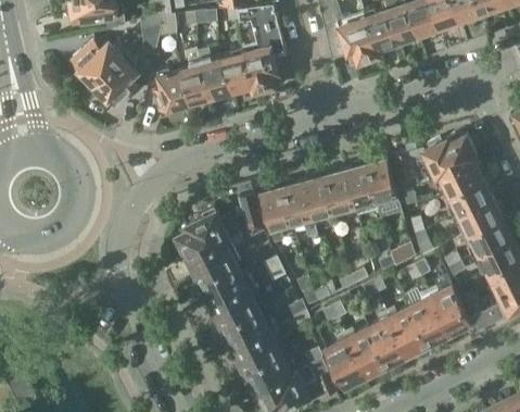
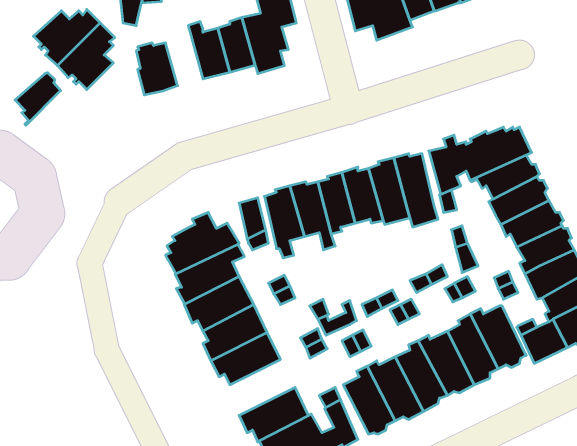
building: [180,50,211,102] -> none
building: none -> [15,73,61,125]
building: [232,325,286,371] -> none

